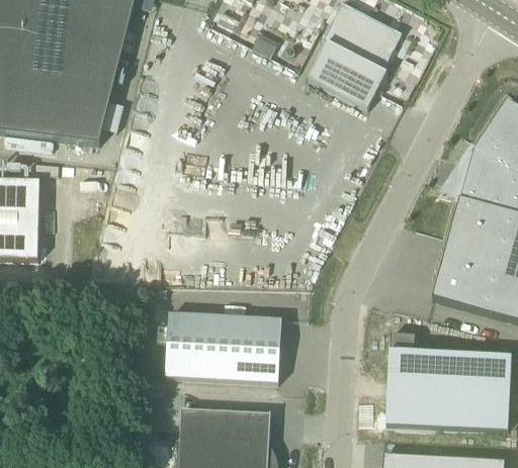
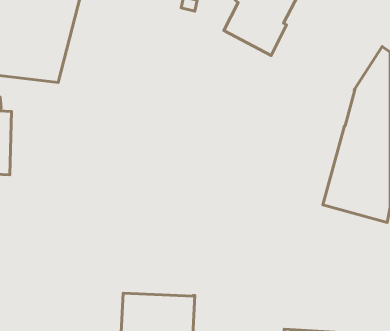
building: [166,312,282,382] -> none
building: [384,333,512,431] -> none

